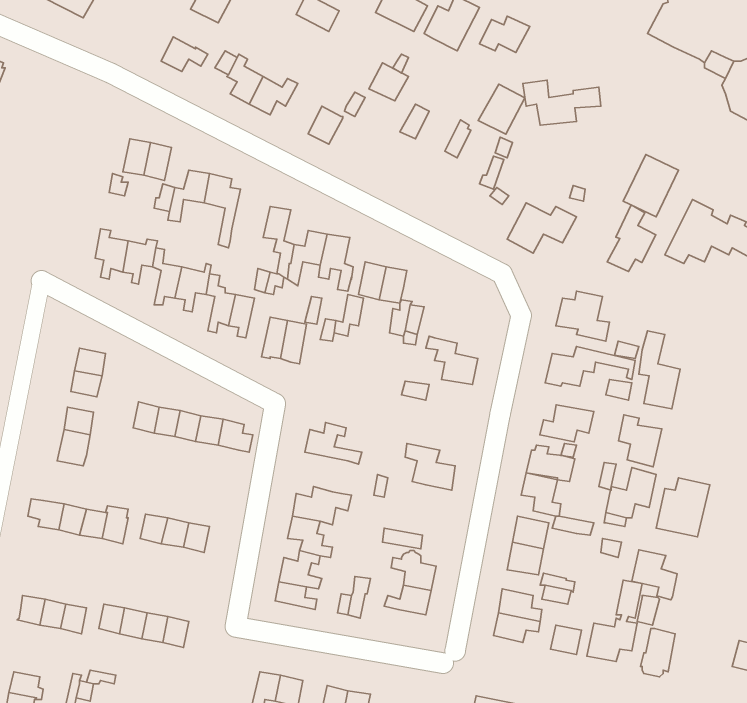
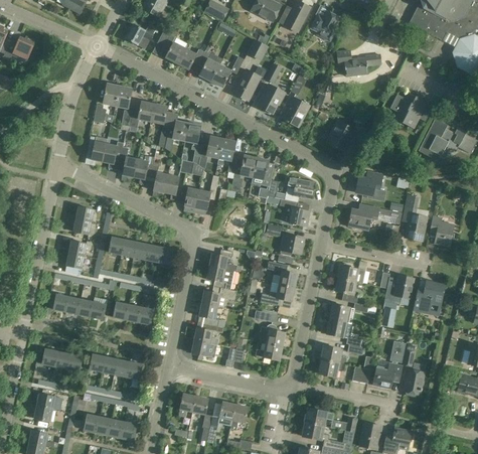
building: none -> [197,50,222,81]
building: [478,84,525,134] -> [281,98,308,127]
building: none -> [233,69,260,100]
building: none -> [258,85,284,113]
building: none -> [166,113,188,141]
building: [607,205,656,272] -> none
building: none -> [284,177,315,202]
building: none -> [280,234,303,256]
building: [540,405,594,442] -> none
building: [619,415,662,467] -> [429,216,454,247]
building: none -> [206,266,233,290]
building: none -> [260,283,294,306]
building: [632,550,677,600] -> none

